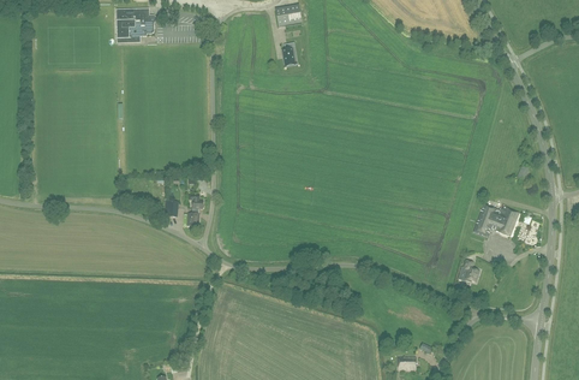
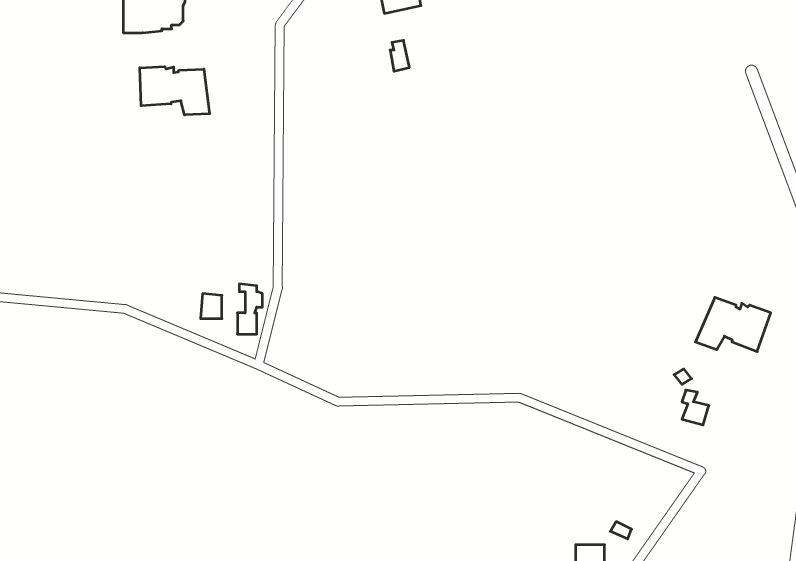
building: none -> [140,67,210,115]

